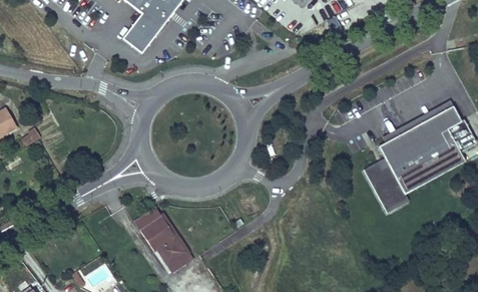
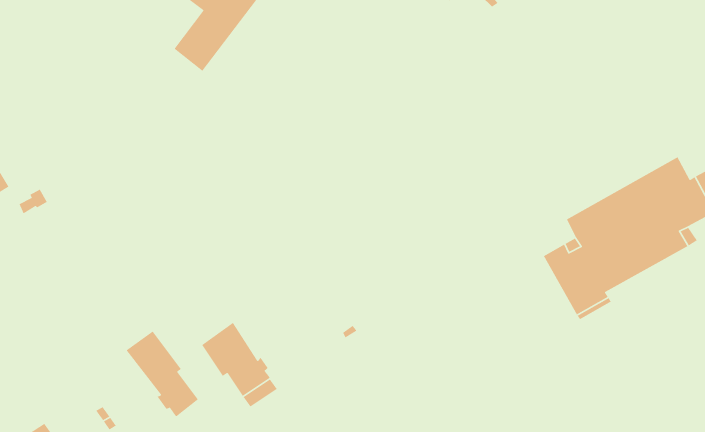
building: none -> [125,330,199,417]

